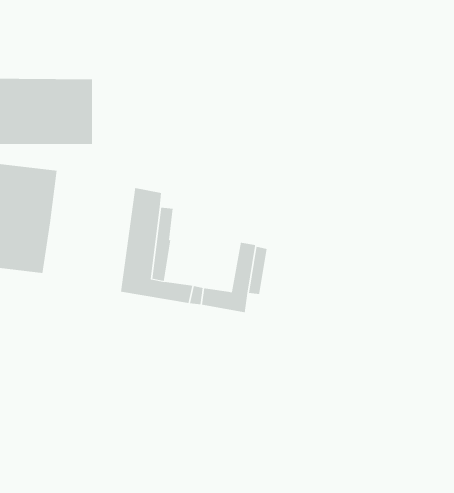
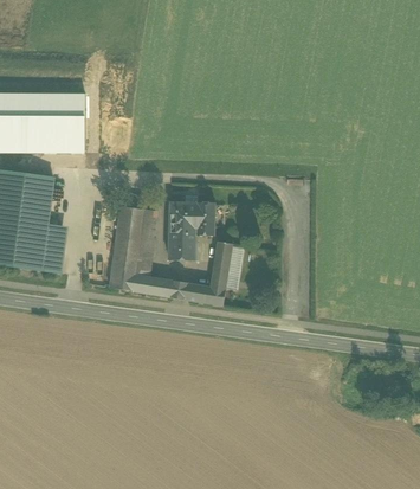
building: none -> [169,200,215,258]
building: none -> [40,223,66,272]

